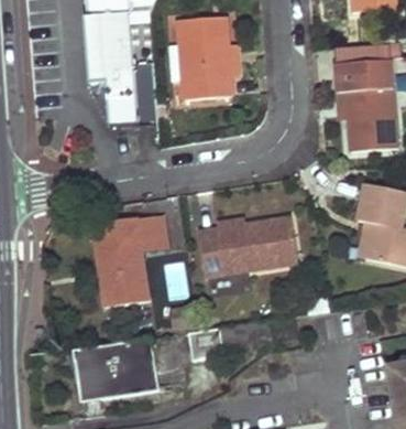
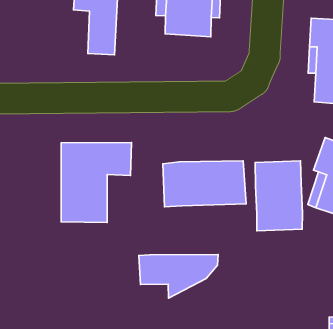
building: none -> [255,161,302,231]
building: [75,335,156,398] -> none

